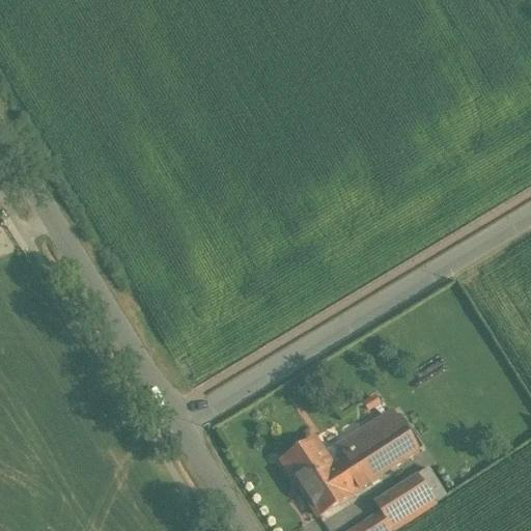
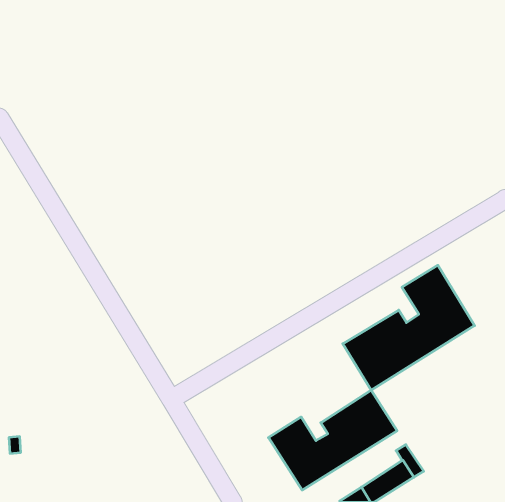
building: none -> [343,265,475,390]

